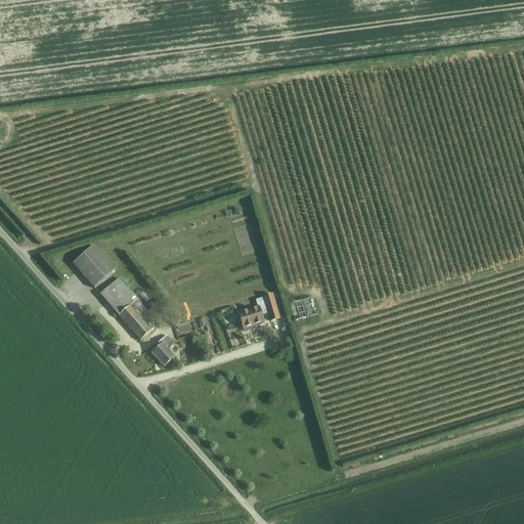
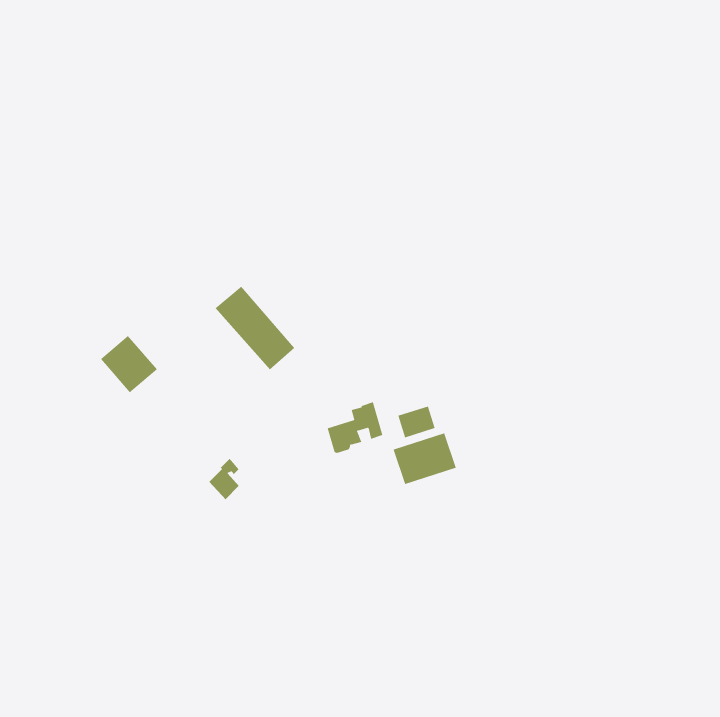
building: [99,276,158,338] -> [215,286,295,370]
building: none -> [393,433,457,485]

